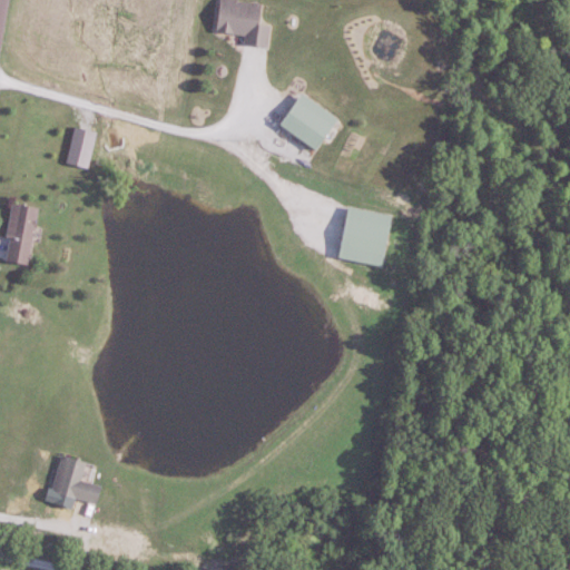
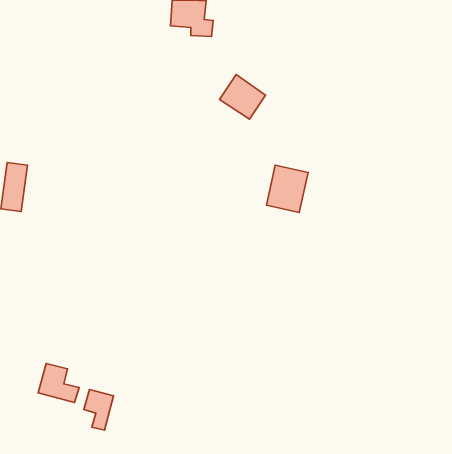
building: [65,125,97,169] -> none
building: none -> [84,390,114,430]

